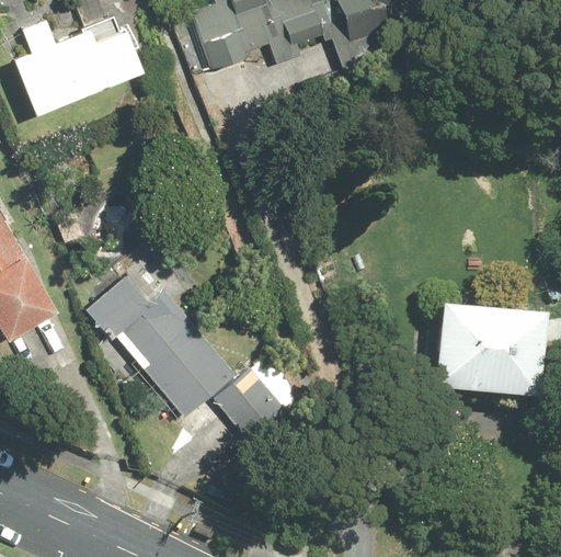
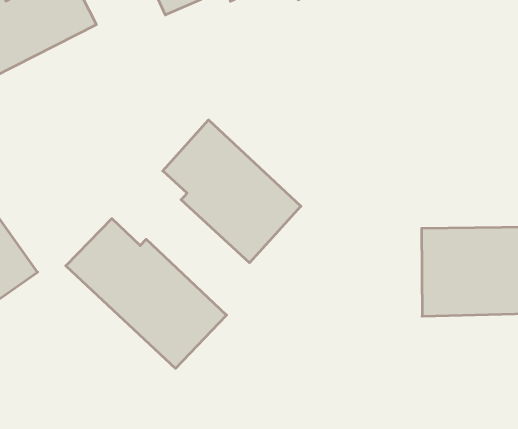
building: none -> [163,120,301,263]
building: [214,353,298,435] -> none

